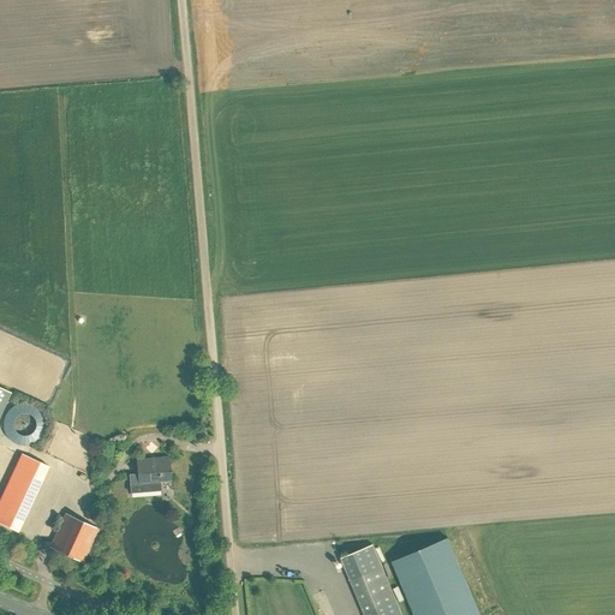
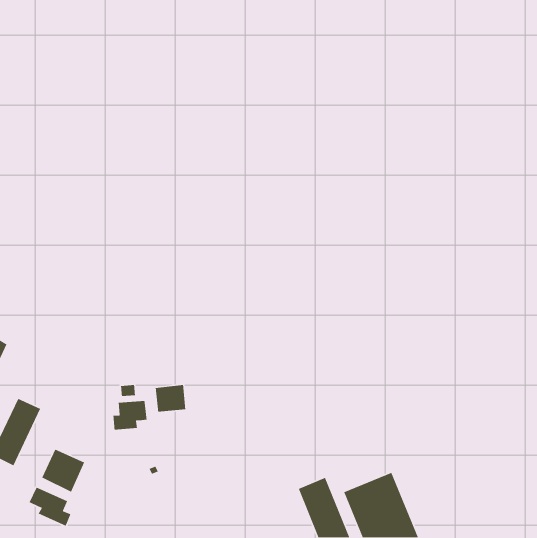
building: none -> [155,384,186,412]
building: none -> [28,487,71,527]

